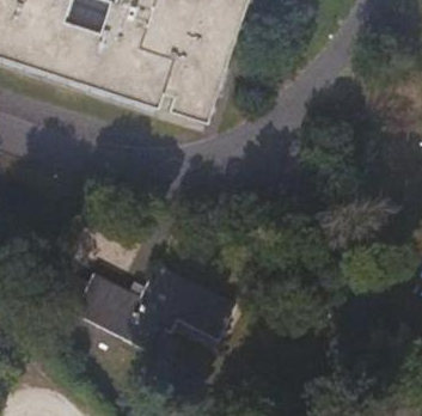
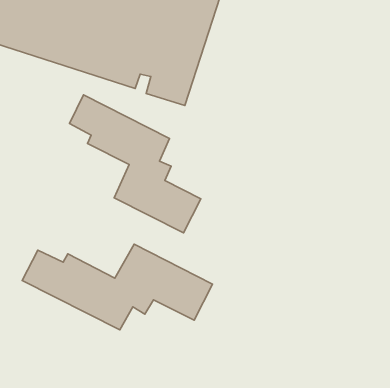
building: none -> [69,95,201,233]

